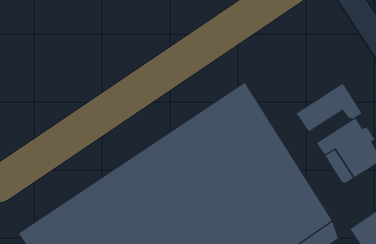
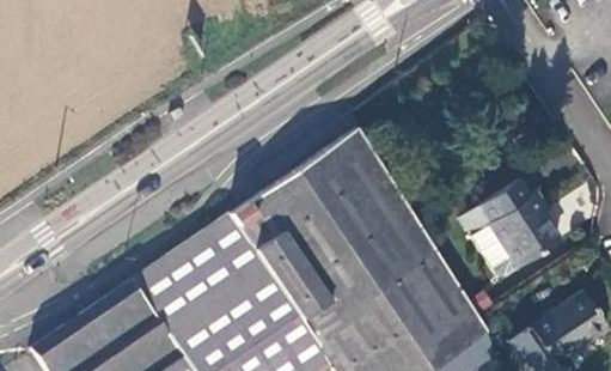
building: [296,83,362,132] -> none

